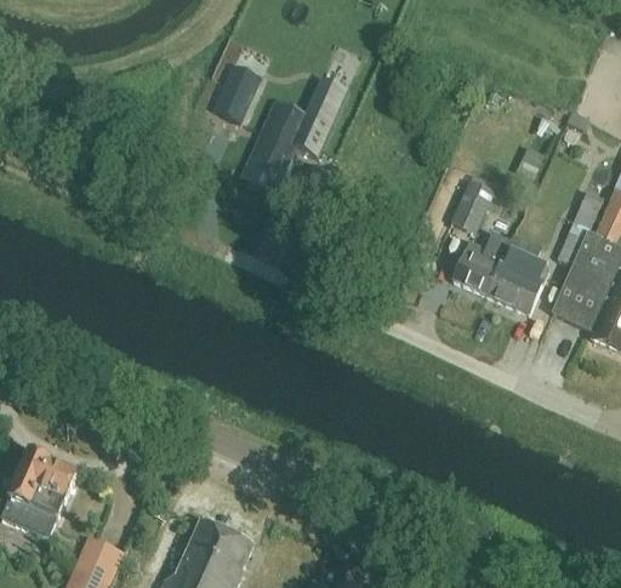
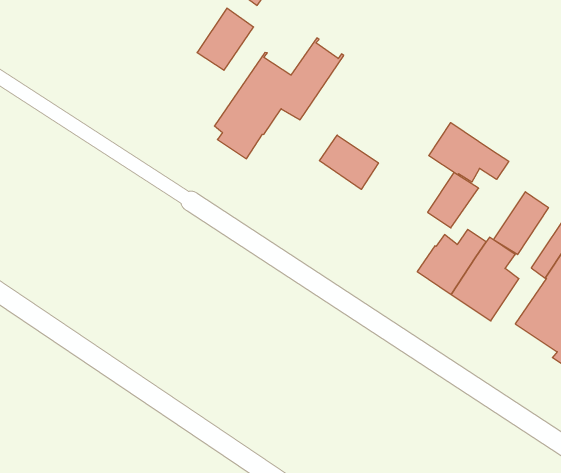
building: none -> [429,123,509,182]
building: none -> [319,135,378,189]
building: none -> [494,192,548,255]

